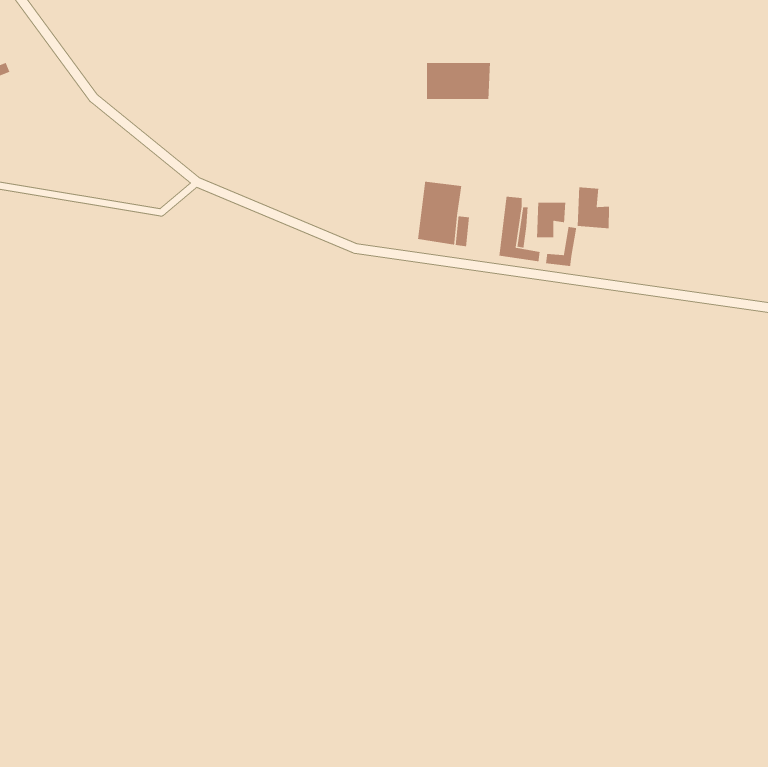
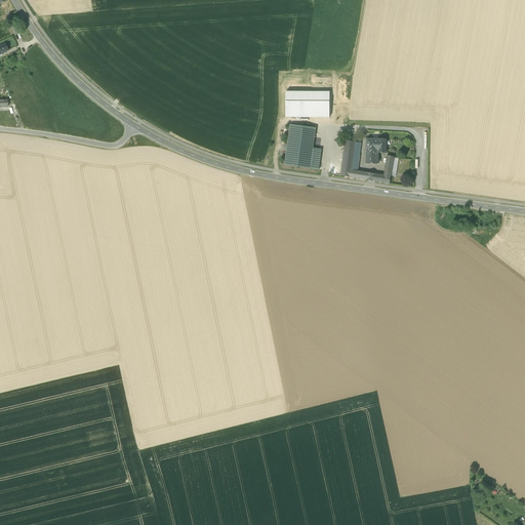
building: [426,62,491,100] -> [285,90,329,116]
building: [577,186,610,229] -> none

